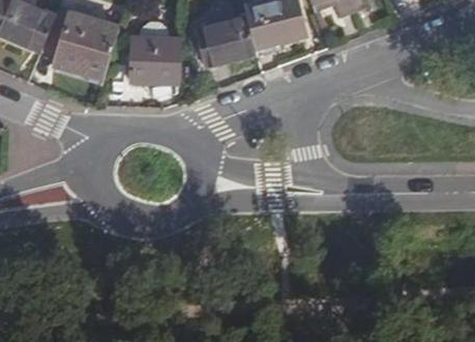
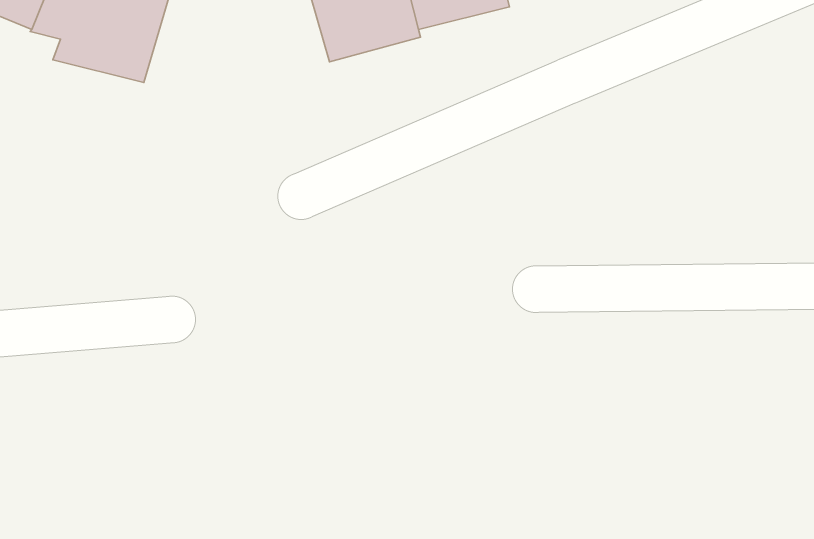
building: [128,38,179,83] -> none

